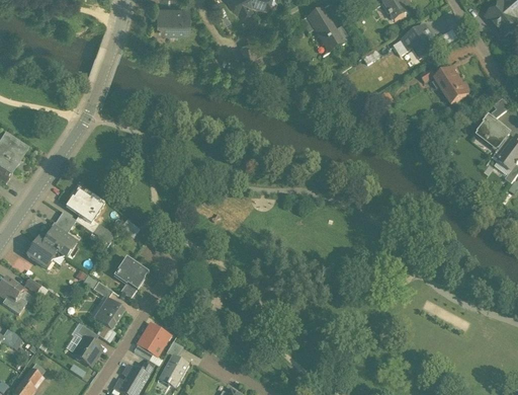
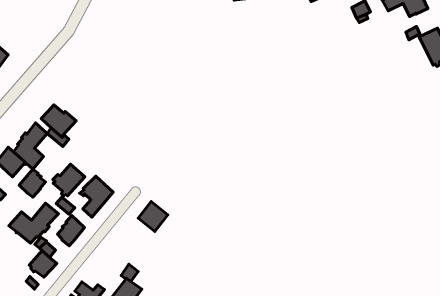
building: none -> [53,164,85,196]
building: none -> [19,169,45,197]
building: none -> [9,203,59,243]
building: [138,322,167,351] -> [138,202,168,231]

